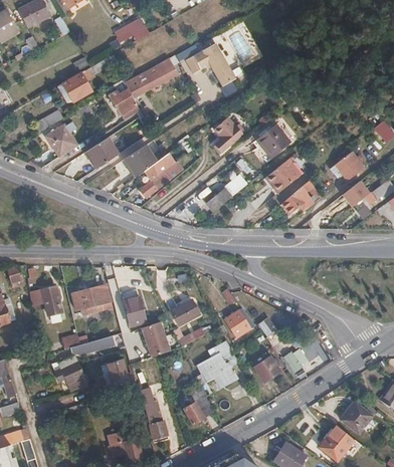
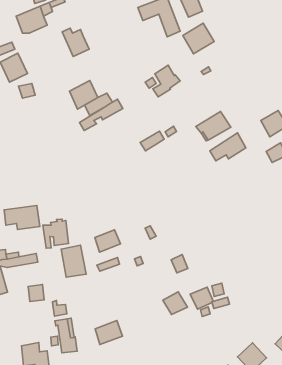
building: [123,58,176,97] -> none
building: [256,122,290,156] -> [183,23,214,54]
building: [86,137,119,168] -> none
building: [225,308,253,337] -> none
building: [197,341,237,386] -> none

